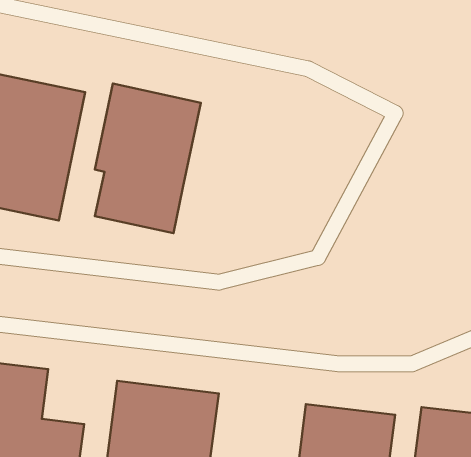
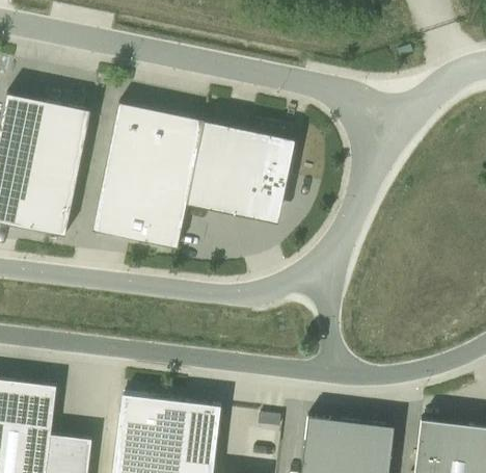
building: none -> [186,122,295,219]

